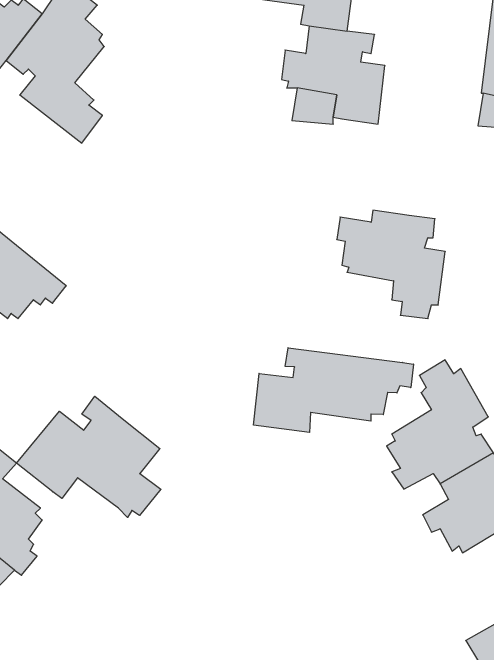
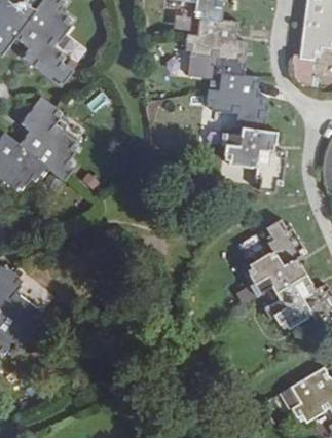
building: none -> [200,73,260,131]
building: none -> [19,99,79,183]
building: [254,348,413,432] -> none
building: [16,396,161,517] -> none

